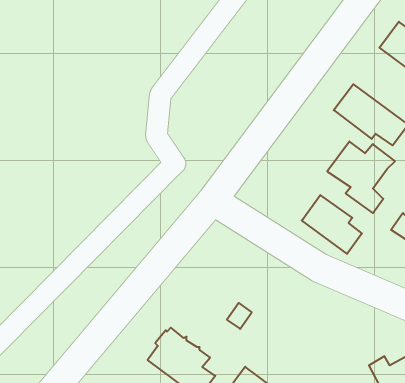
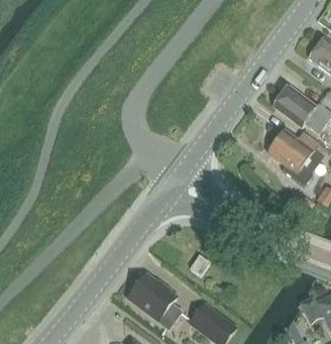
building: [302,195,362,254] -> none

